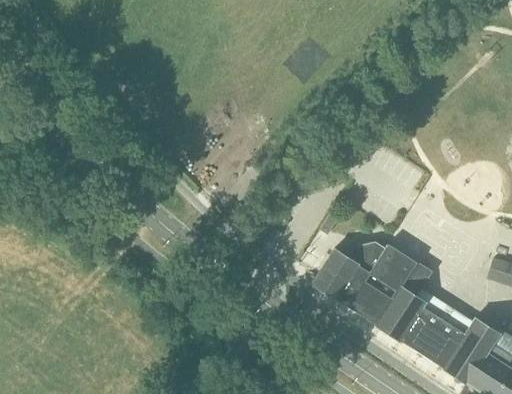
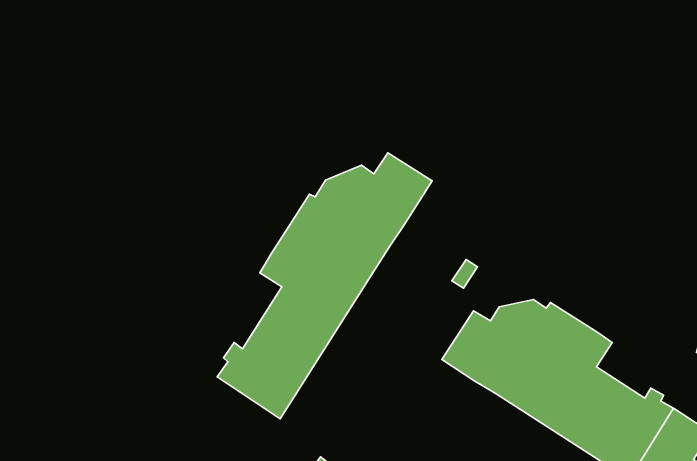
building: none -> [217,153,432,419]

